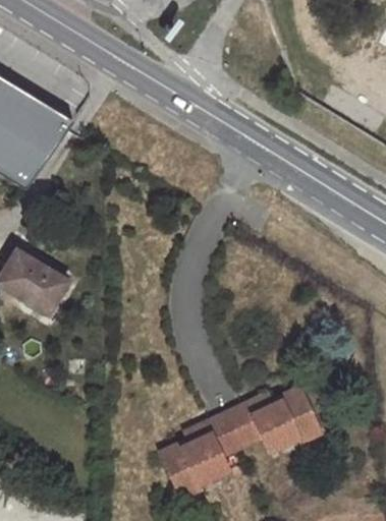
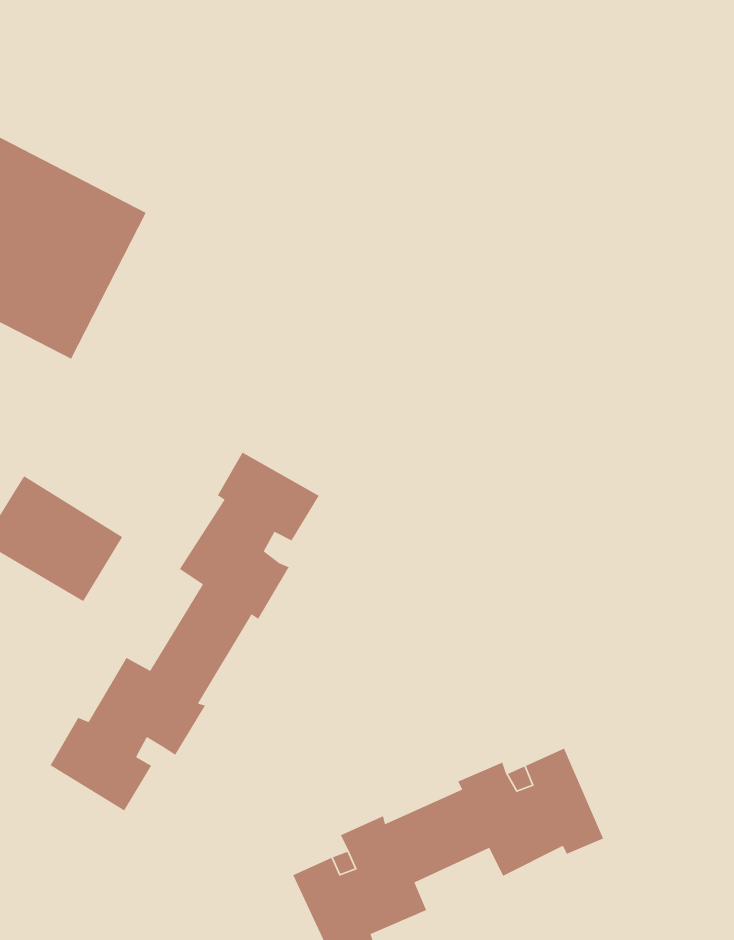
building: none -> [49,452,320,812]

